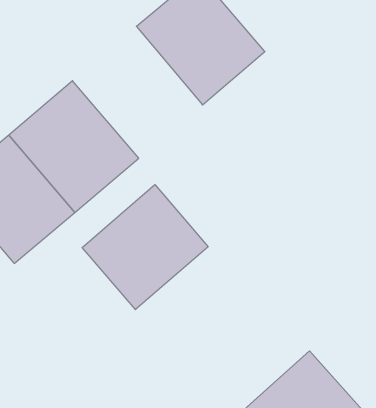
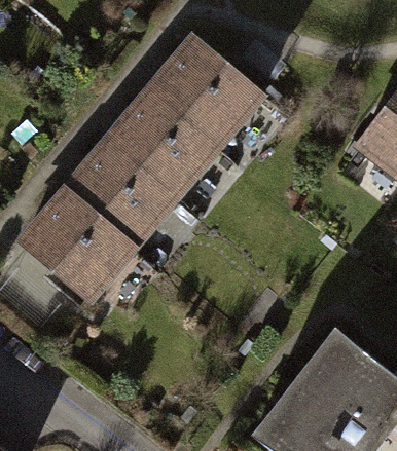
building: none -> [107,90,215,196]
building: [82,185,208,310] -> none

